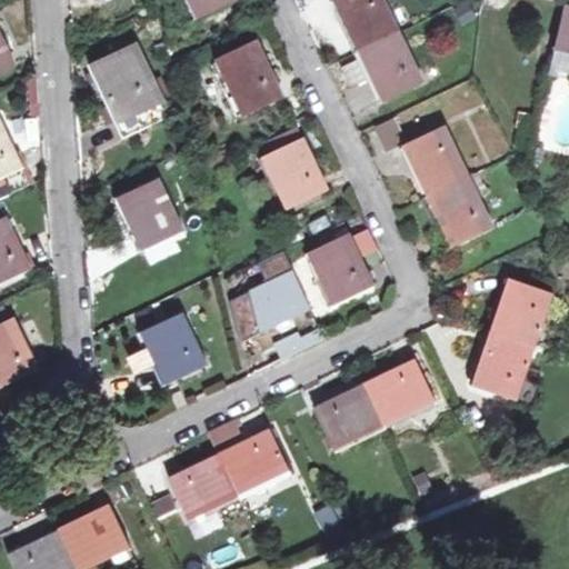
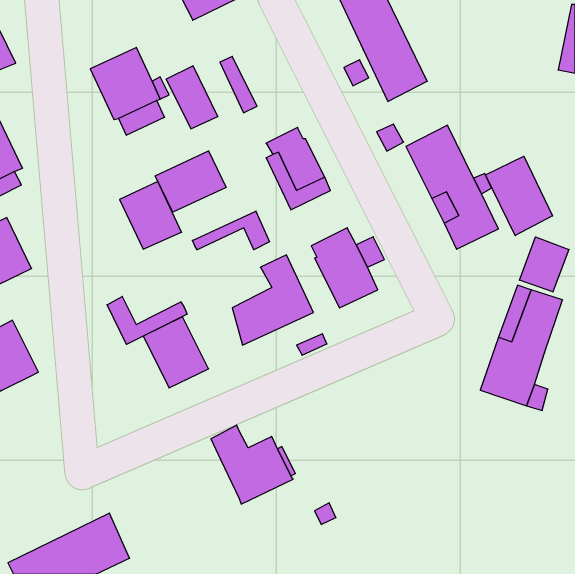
building: [229,42,280,104] -> [166,66,218,129]
building: none -> [155,151,226,212]
building: none -> [485,156,553,236]
building: none -> [192,211,270,250]
building: none -> [519,237,569,292]
building: none -> [107,296,187,344]
building: [313,359,432,451] -> none
building: [168,453,236,516] -> none

